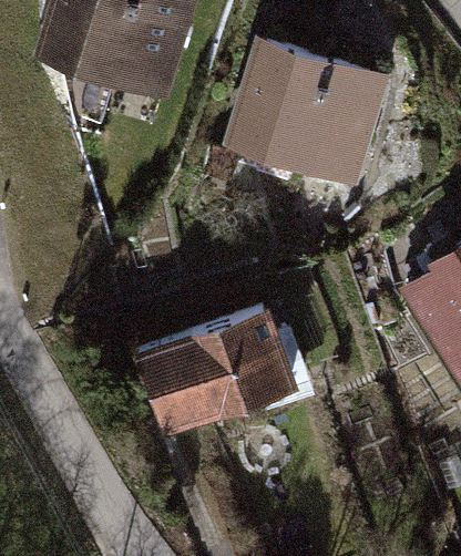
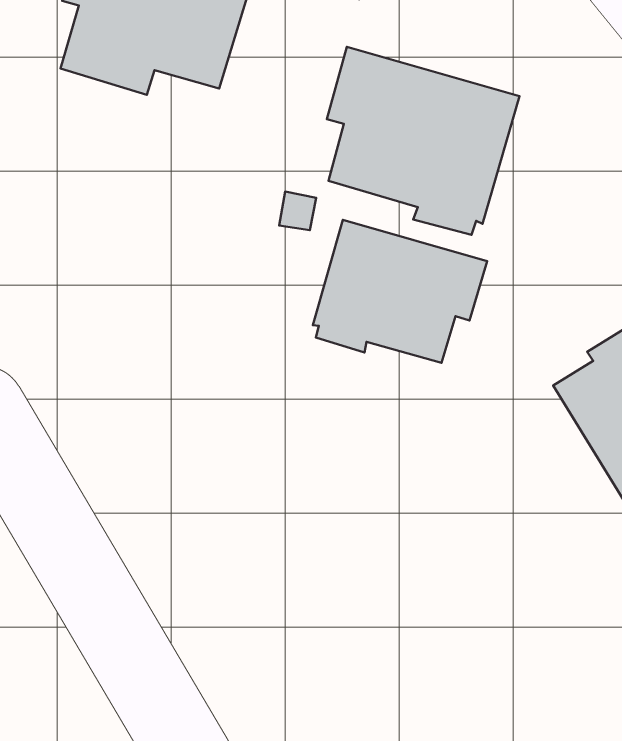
building: none -> [313,220,487,363]
building: [146,312,294,432] -> none

